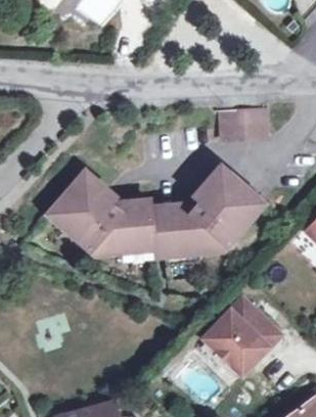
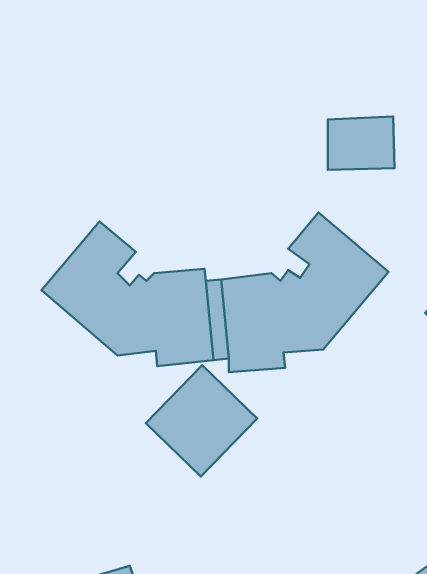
building: [204,296,278,371] -> [146,365,257,476]

